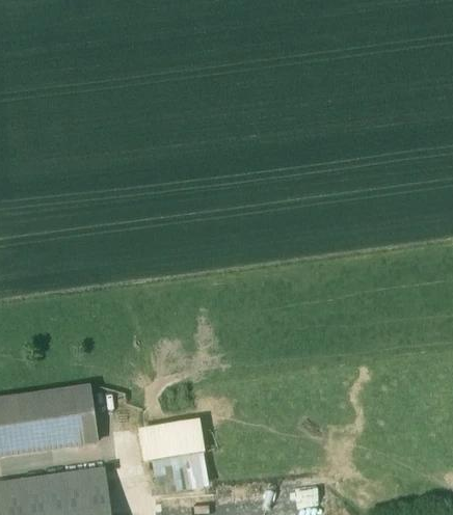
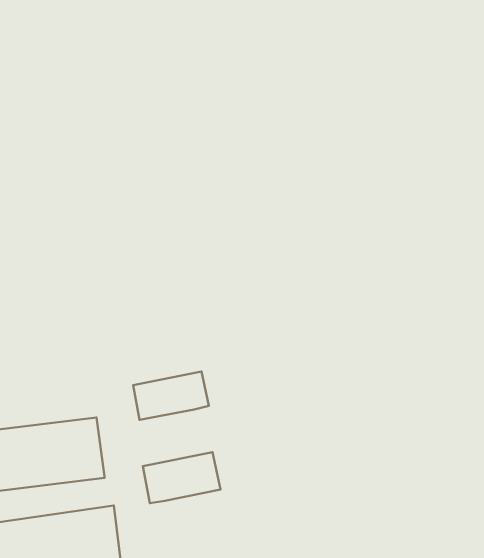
building: none -> [133,372,209,420]
building: [152,452,208,498] -> none

